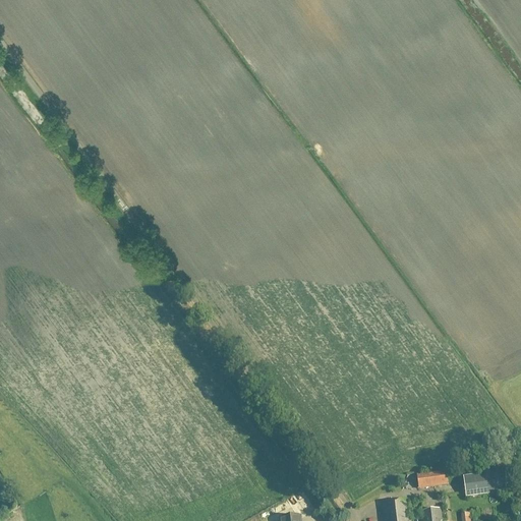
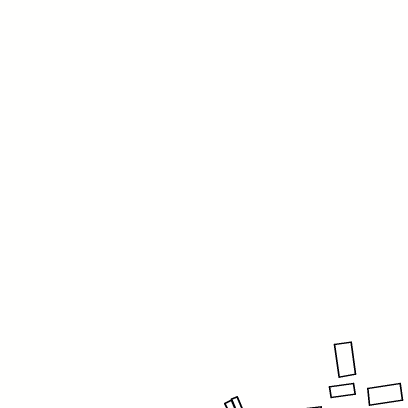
building: none -> [335,342,356,377]

